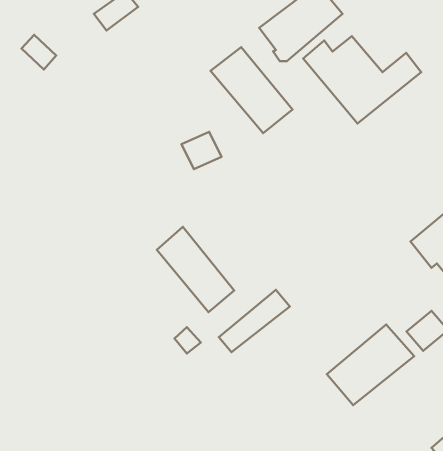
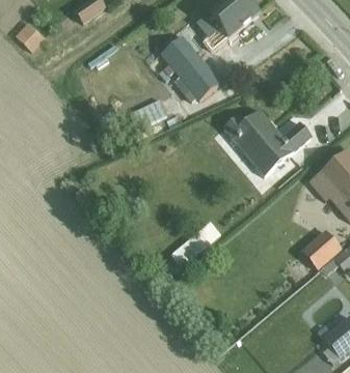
building: [303,36,421,124] -> [222,111,311,176]
building: [157,227,234,312] -> none
building: [327,325,414,405] -> none

